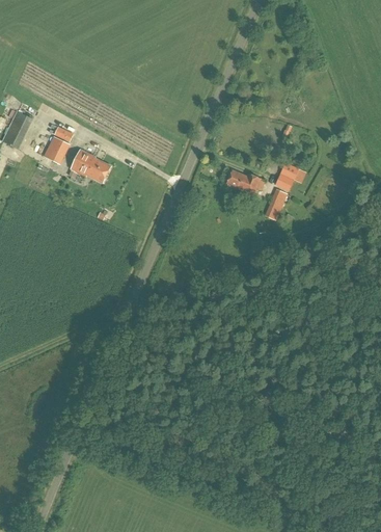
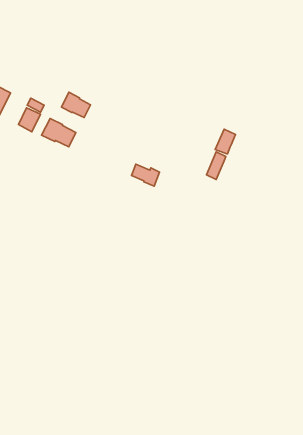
building: none -> [61,92,90,117]
building: [227,169,261,195] -> [131,164,160,186]

